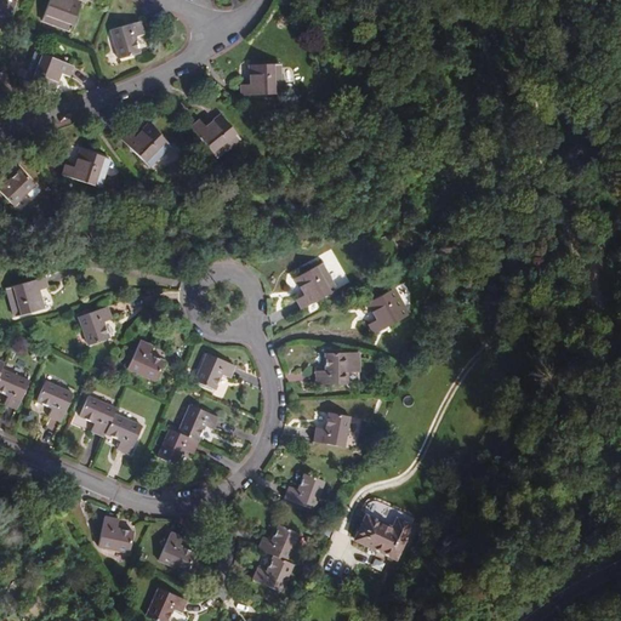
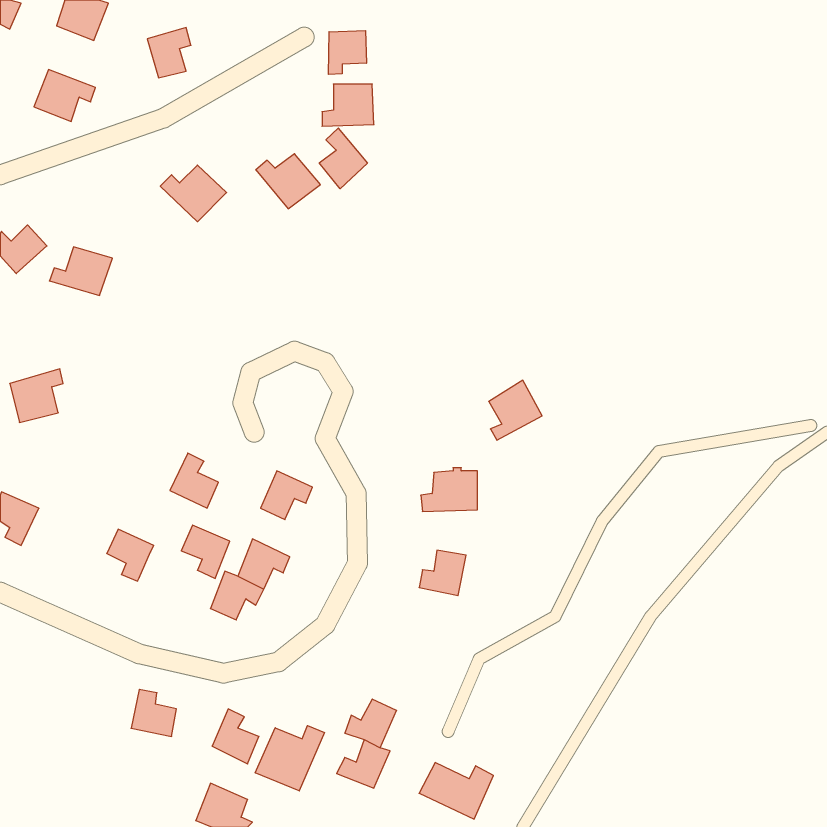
building: none -> [329,31,366,74]
building: none -> [319,128,367,189]
building: [62,149,109,186] -> [49,247,112,295]
building: [295,263,335,308] -> none
building: [79,307,112,346] -> none
building: [36,381,73,421] -> none
building: [104,414,141,454] -> [181,525,230,578]
building: [284,473,324,509] -> none
building: [349,519,405,562] -> [419,763,493,819]
building: none -> [255,726,325,791]

